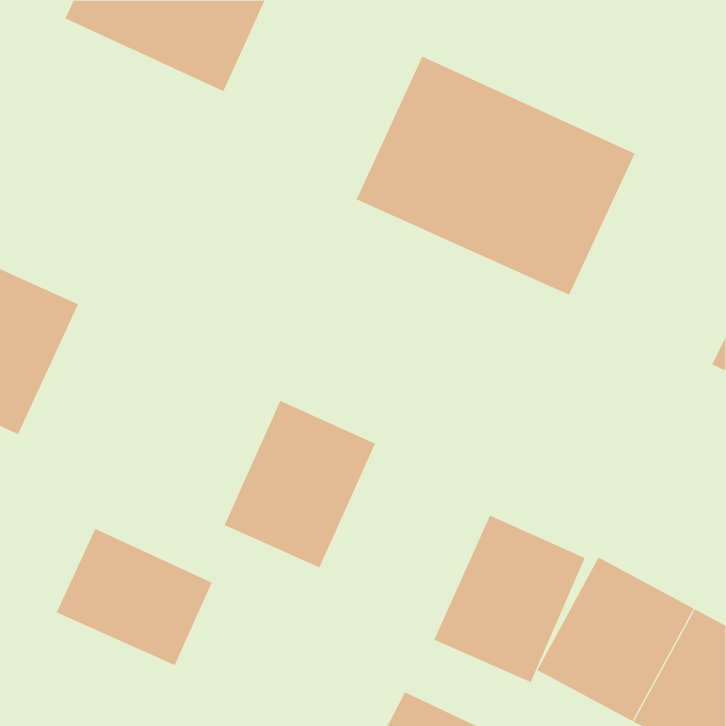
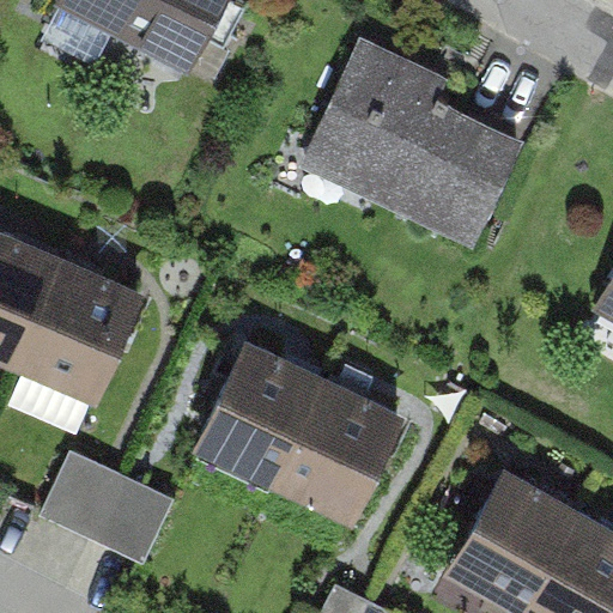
building: none -> [16,260,152,408]
building: [433,515,586,683] -> [267,376,394,516]

